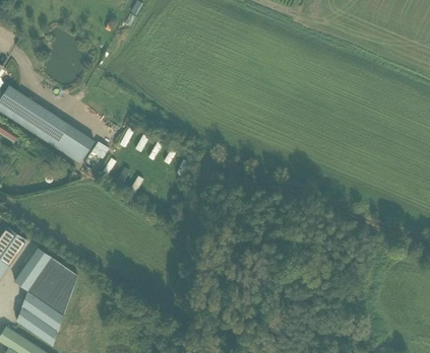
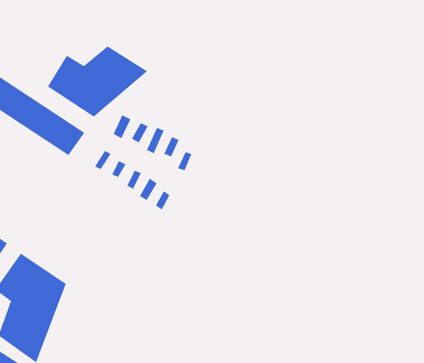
building: none -> [47,45,148,118]

